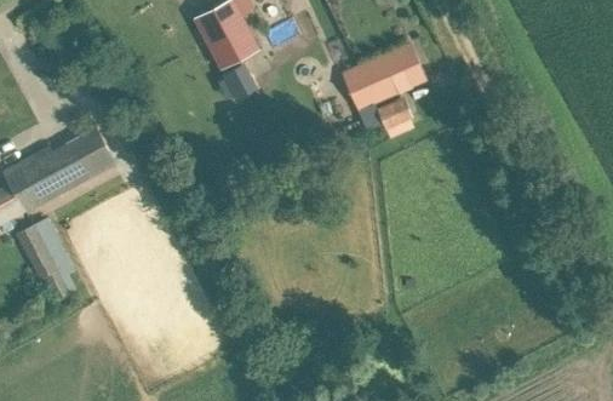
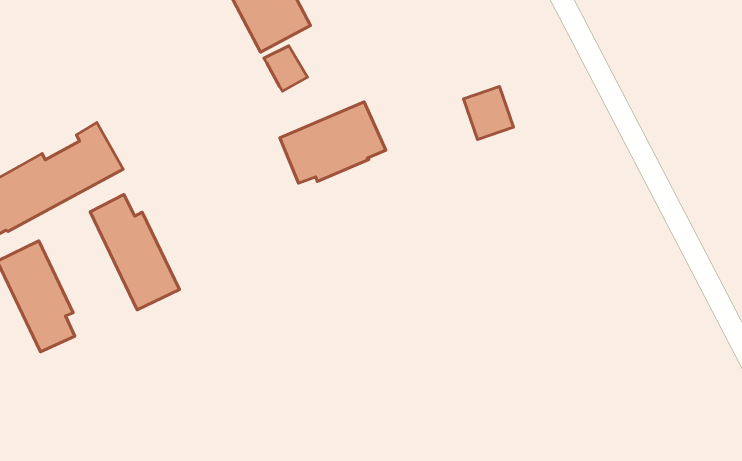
building: [343,44,425,107] -> [280,102,386,183]
building: none -> [90,195,180,310]

